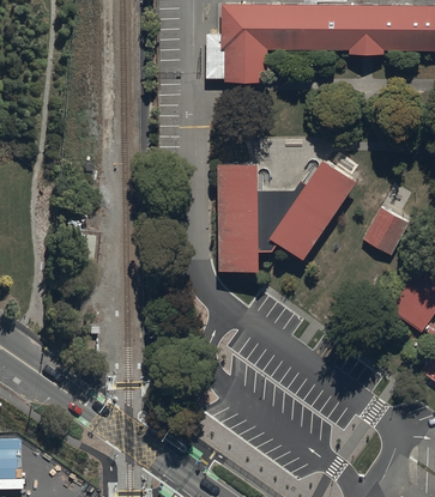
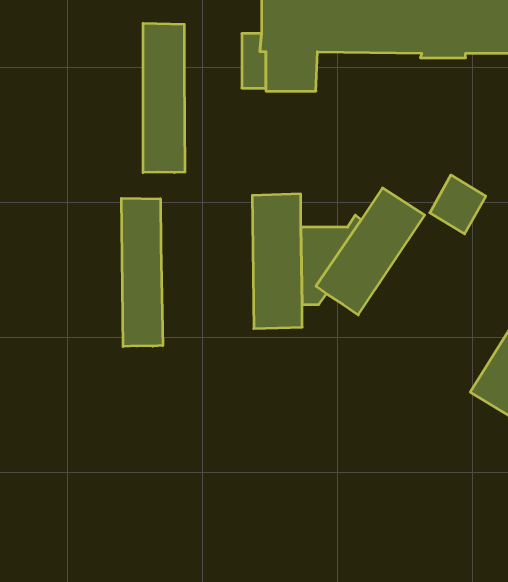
building: none -> [143,23,185,173]
building: none -> [121,198,163,347]
building: [367,207,411,254] -> [430,175,486,234]

